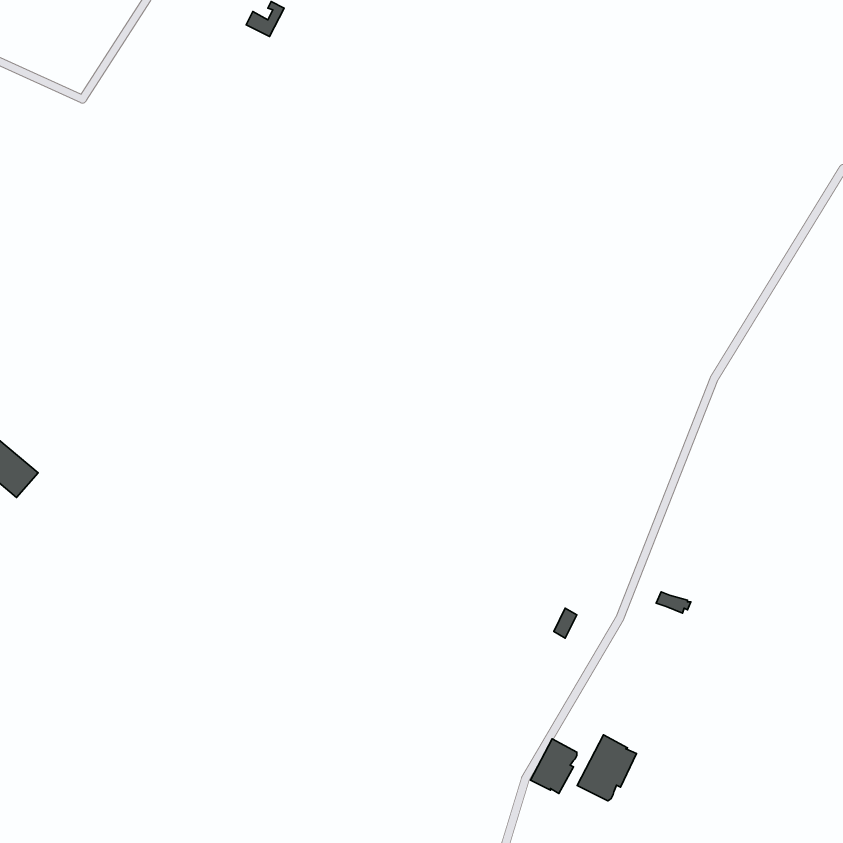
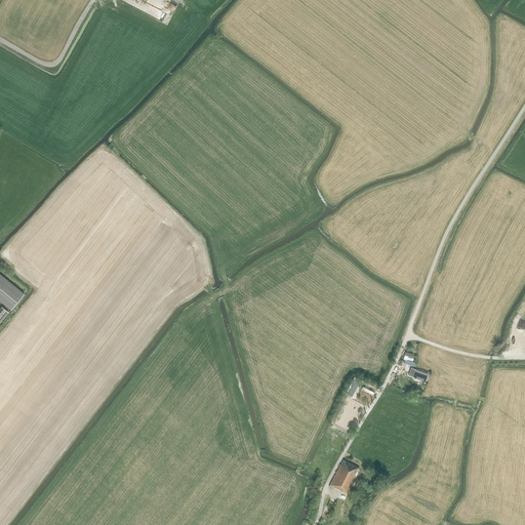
building: [577,735,636,801] -> none

